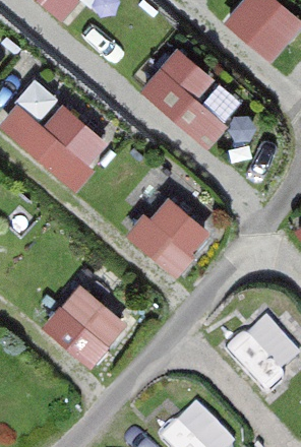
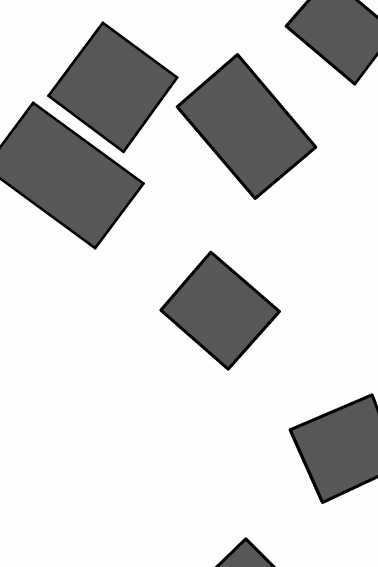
building: none -> [48,23,177,152]
building: [41,282,132,371] -> none

